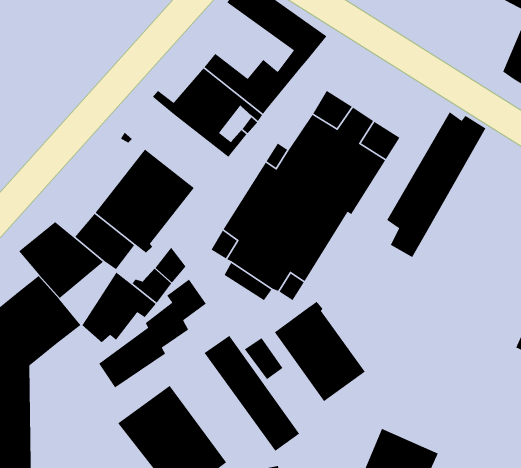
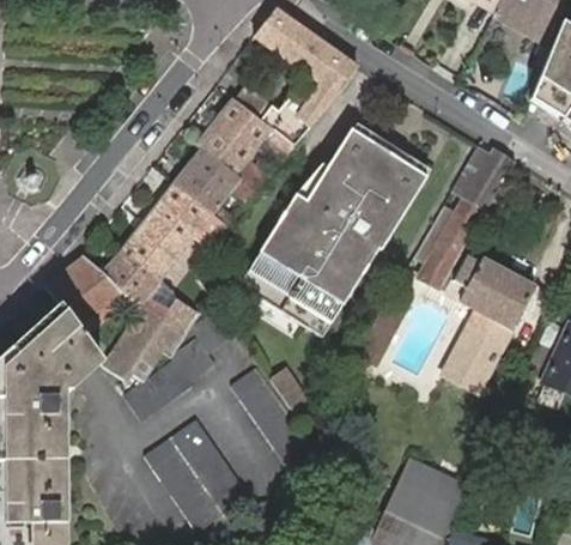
building: none -> [174,147,257,223]
building: none -> [438,256,535,396]
building: [274,301,366,402] -> none

